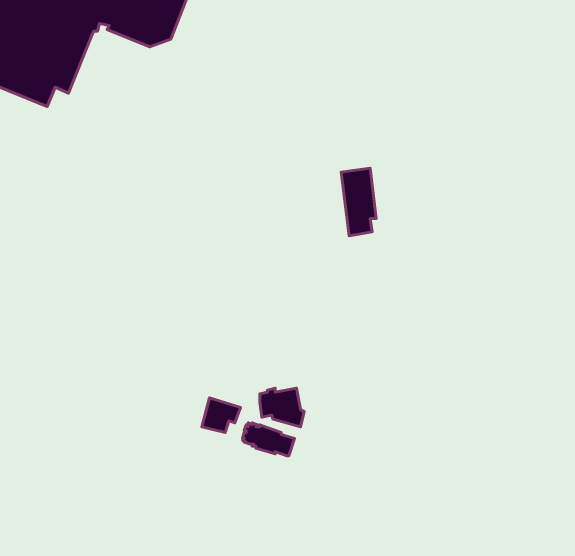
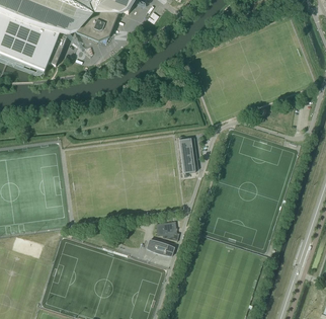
building: [341,168,376,236] -> [178,136,196,171]

